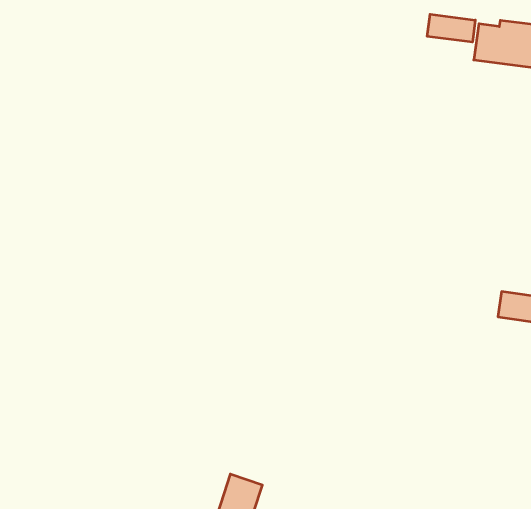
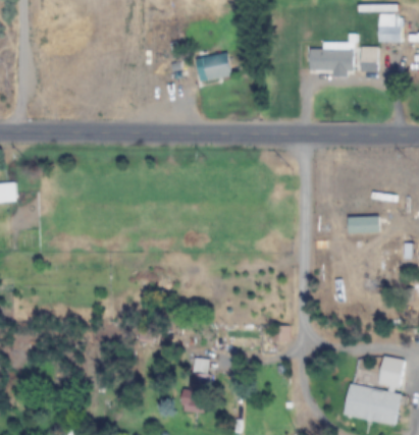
building: none -> [197,54,232,83]
building: [427,14,475,42] -> none

